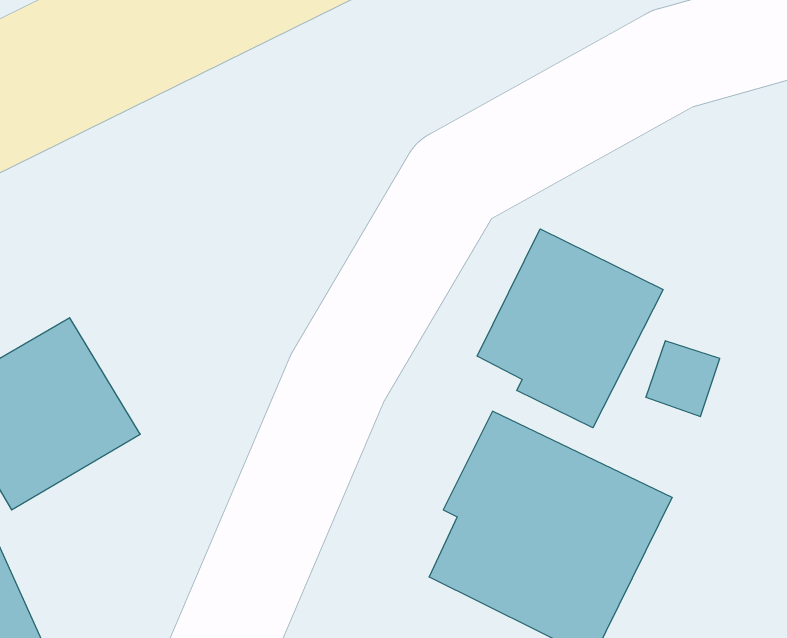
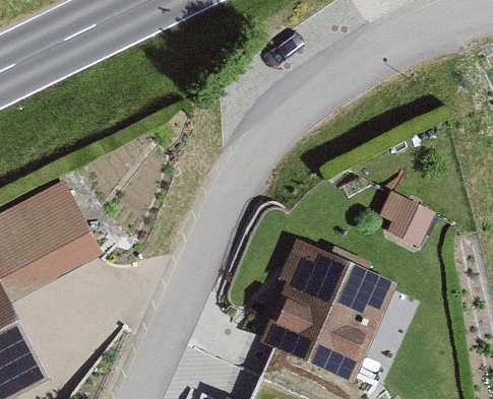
building: [477,229,663,428] -> none

